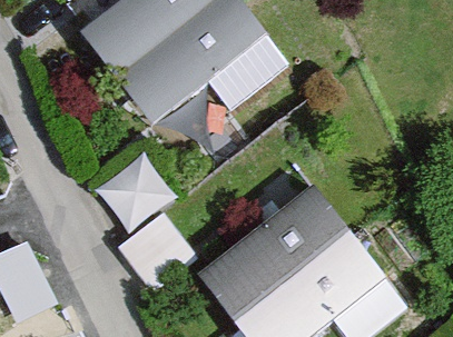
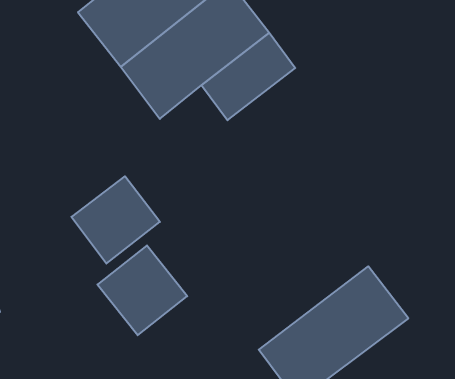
building: [218,187,348,305] -> none

